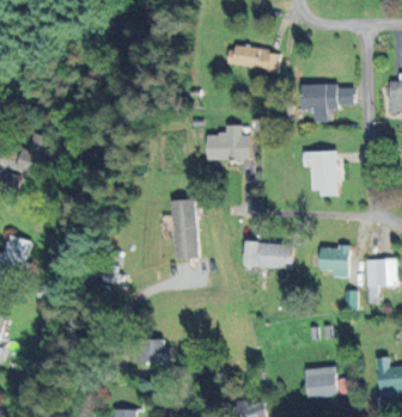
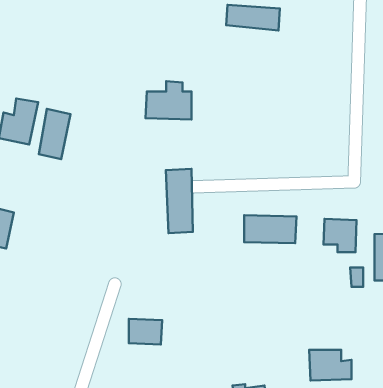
building: [302,85,354,121] -> none
building: [207,124,250,160] -> [146,81,192,120]
building: none -> [39,109,70,159]
building: [304,151,339,195] -> none

